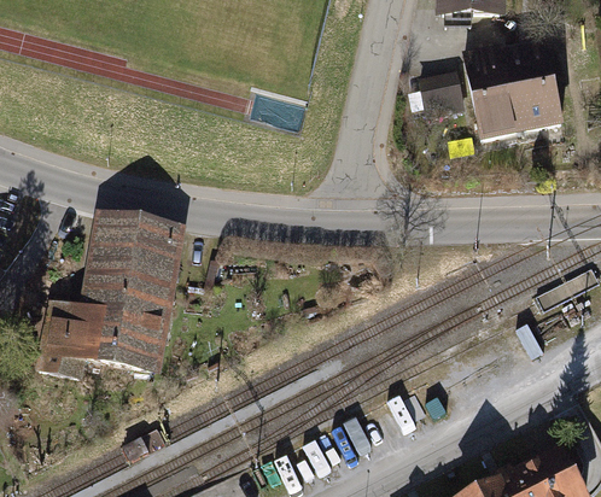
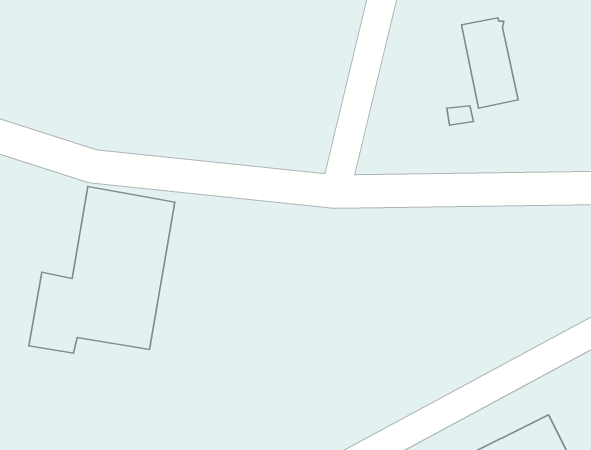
building: [509,41,564,127] -> none
building: [424,71,466,111] -> none

